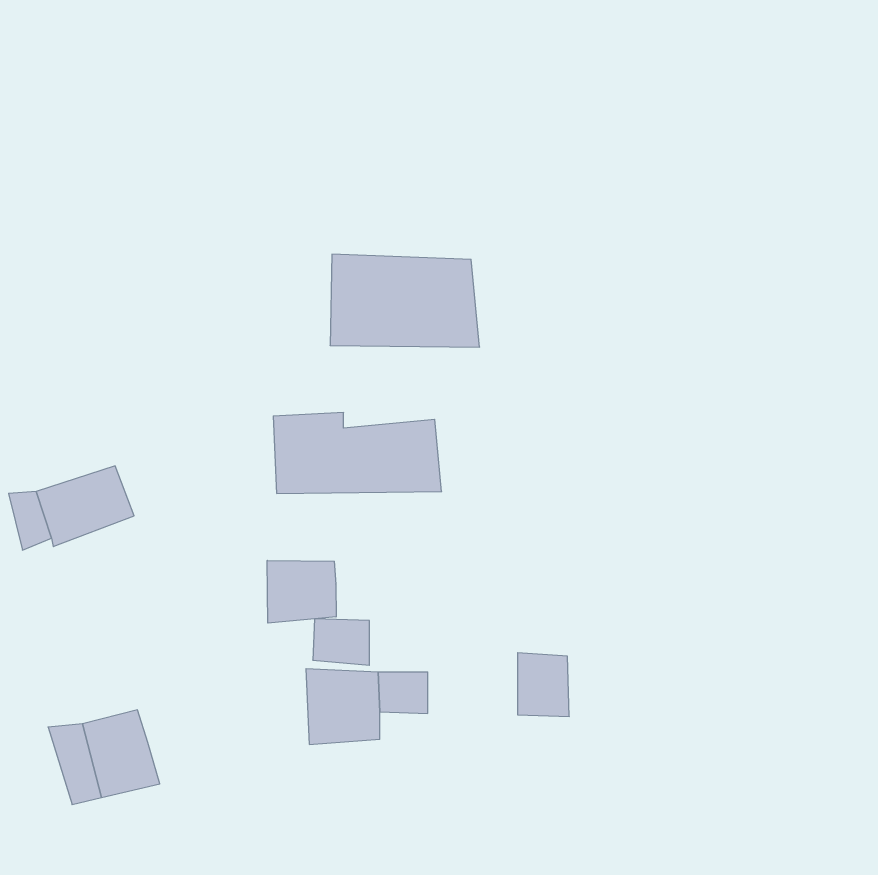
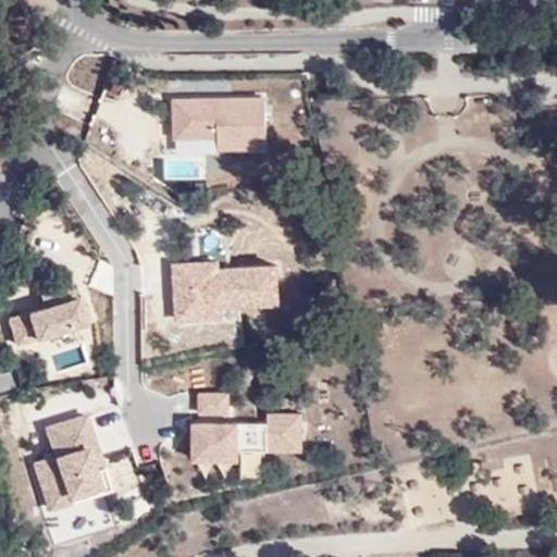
building: [330,254,480,347] -> [173,90,268,149]
building: [267,560,336,623] -> none
building: none -> [41,412,102,470]
building: [518,653,569,716] -> [271,412,304,453]

